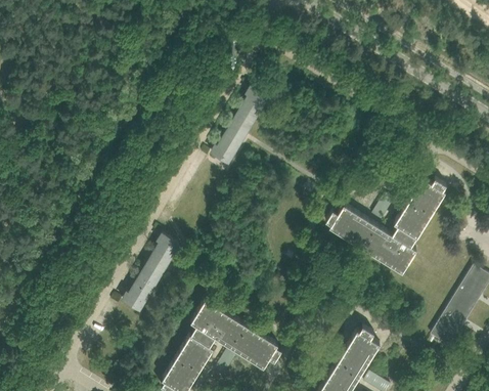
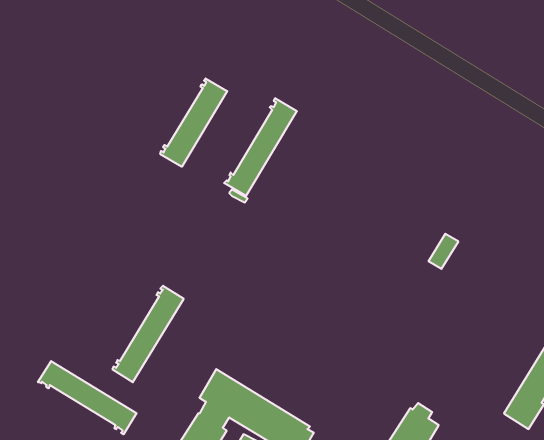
building: none -> [160,78,227,167]
building: [325,179,446,274] -> none
building: none -> [38,361,137,434]

